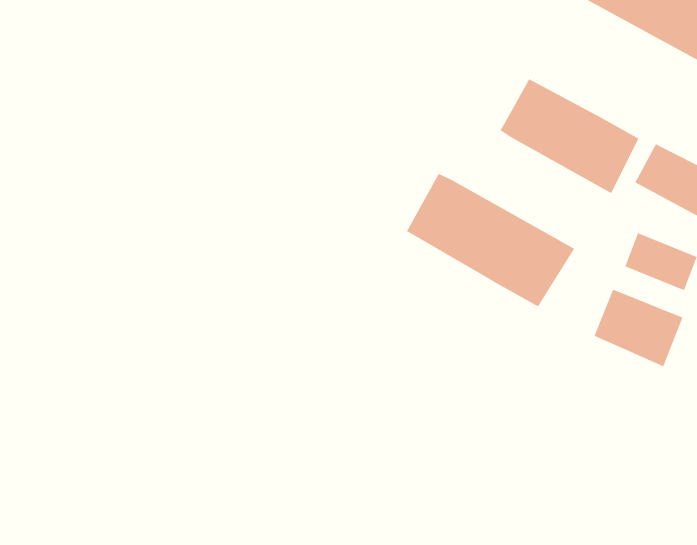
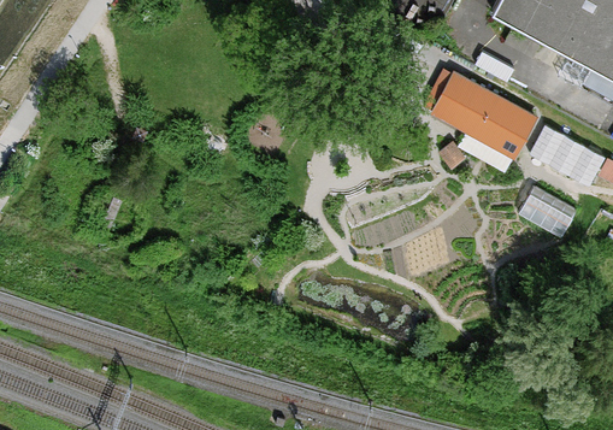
building: [406,173,575,307] -> none
building: [594,289,683,367] -> none

